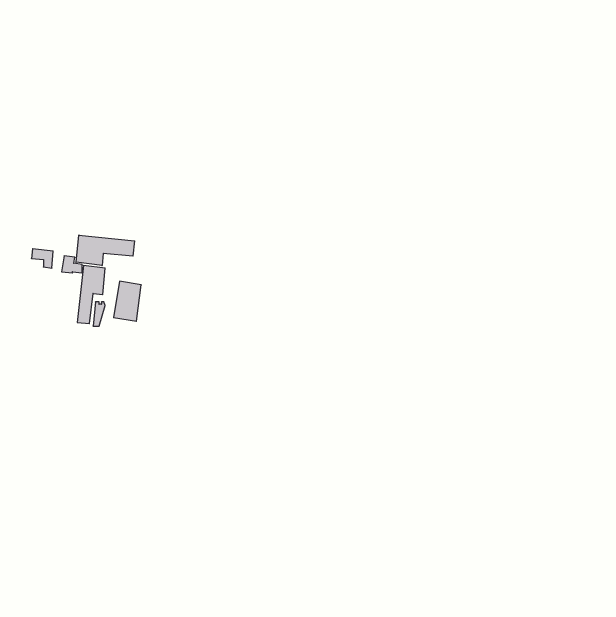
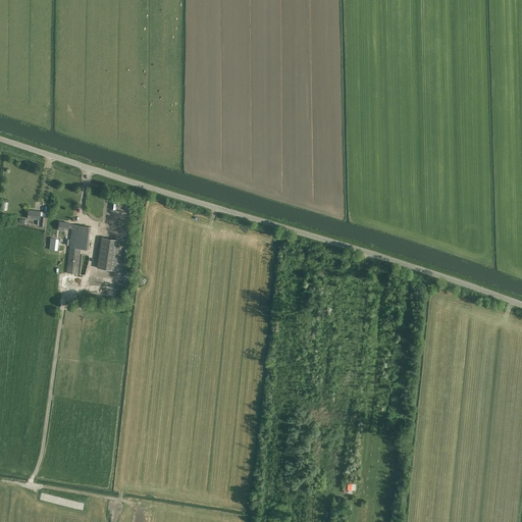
building: [76,235,135,266] -> none

